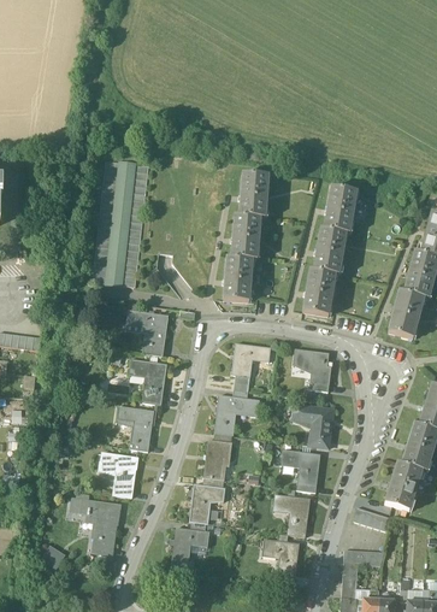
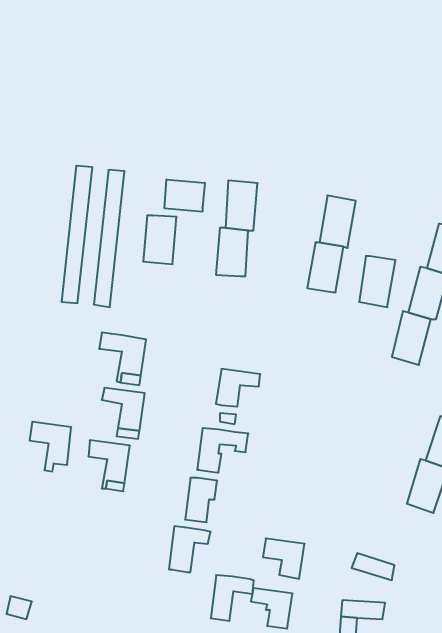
building: none -> [165,179,205,212]
building: [223,258,253,301] -> [143,216,177,264]
building: [303,270,336,316] -> [359,256,395,307]
building: [294,348,331,384] -> none
building: [294,404,333,440] -> none
building: [282,448,321,486] -> none
building: [100,452,137,496] -> [30,422,71,471]
building: [385,461,423,511] -> none
building: [71,499,120,555] -> none
building: [171,528,209,569] -> [211,575,254,621]

